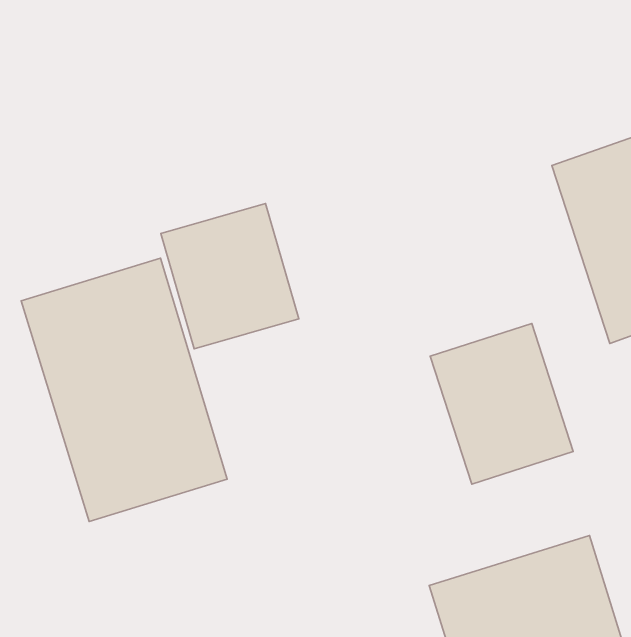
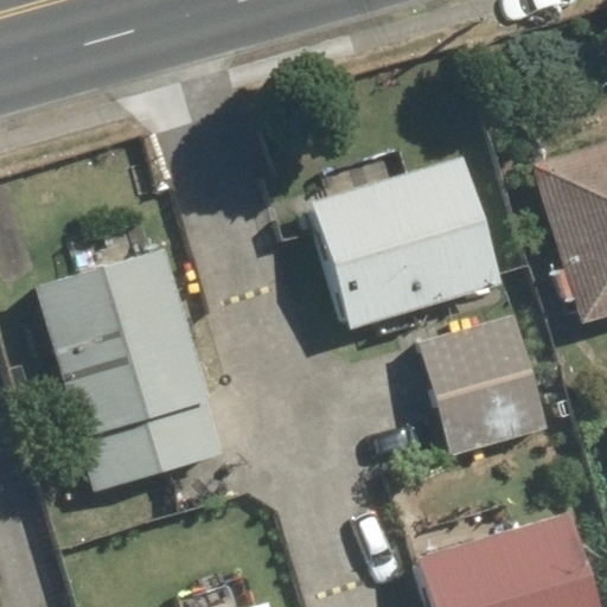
building: none -> [317,165,503,326]
building: [161,204,299,349] -> none

